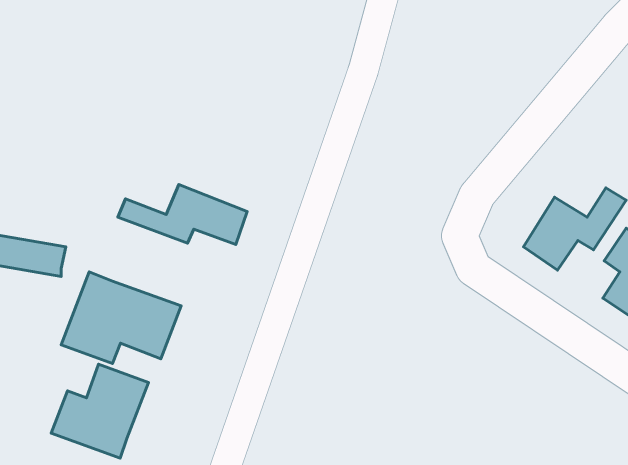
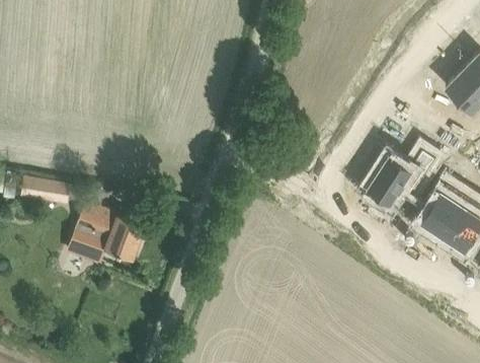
building: [118,185,247,244] -> none
building: [51,364,148,458] -> none

